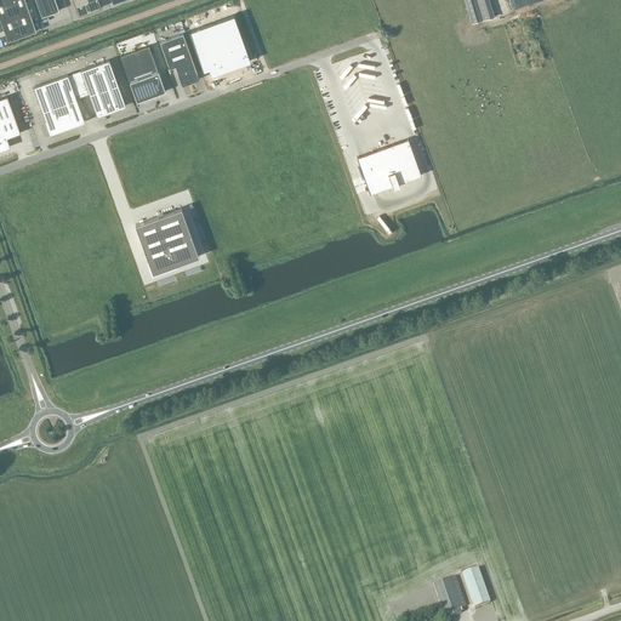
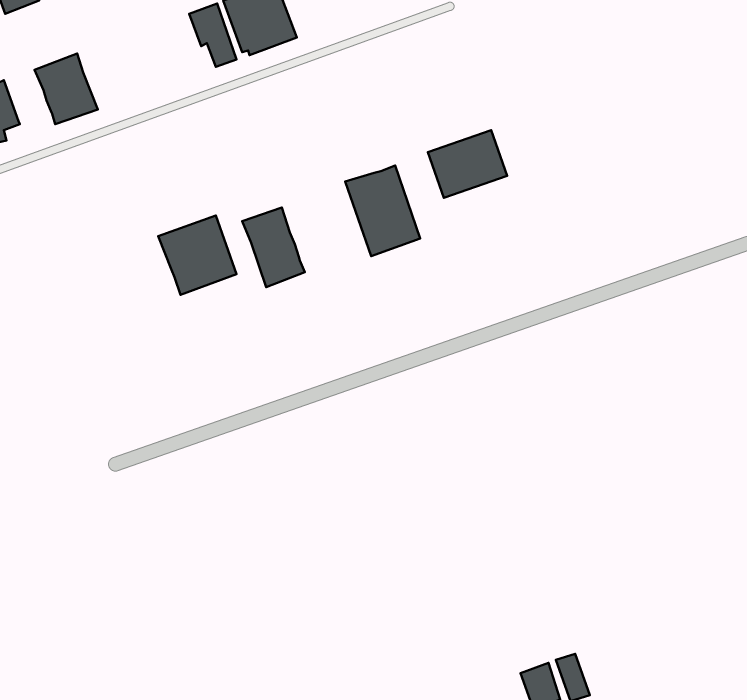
building: [120,47,165,102] -> none
building: [80,61,126,118] -> none
building: none -> [345,165,420,256]
building: none -> [242,207,305,287]

